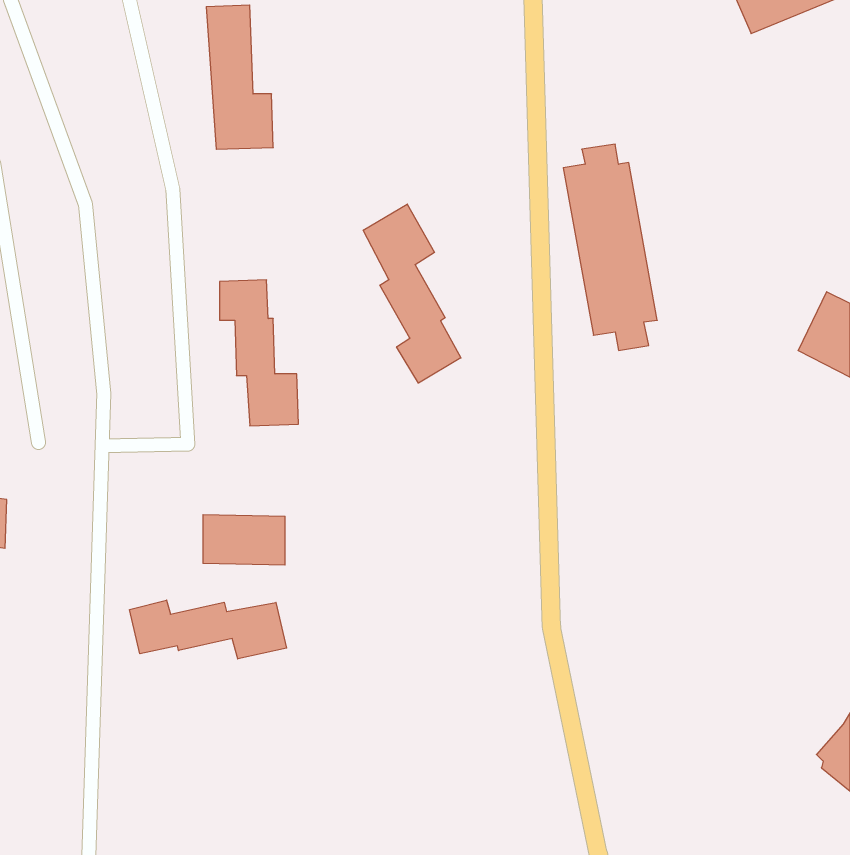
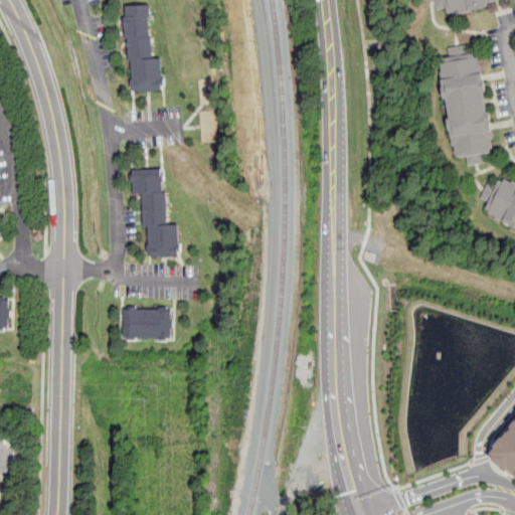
building: [563,144,657,350] -> [436,42,492,166]
building: [363,204,461,383] -> none
building: [130,600,287,659] -> none

